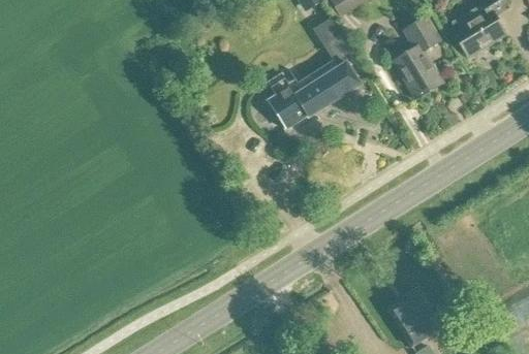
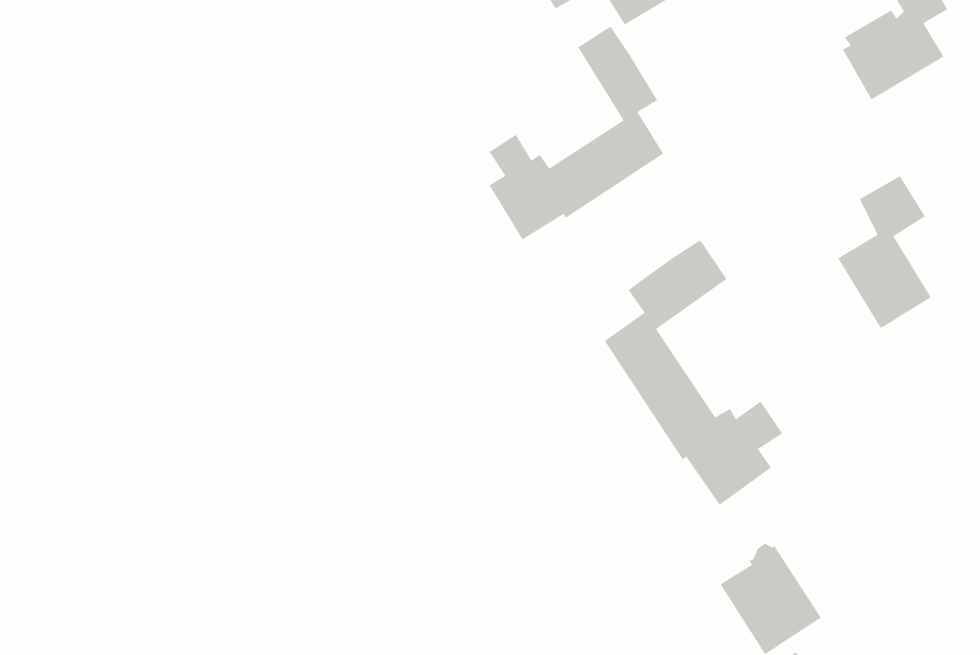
building: [394,17,443,97] -> [837,175,932,329]
building: none -> [604,239,783,506]

